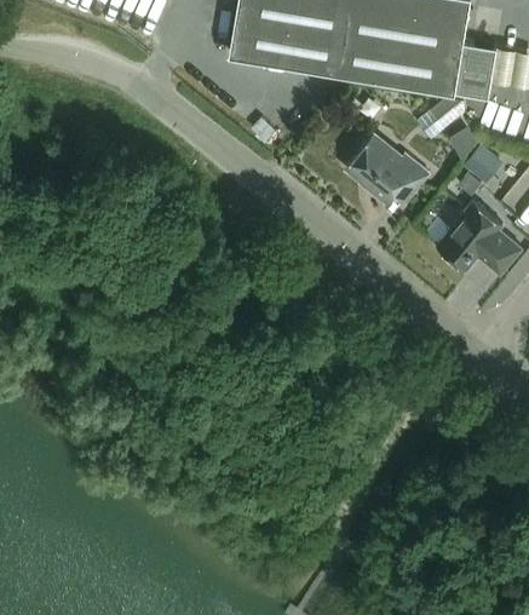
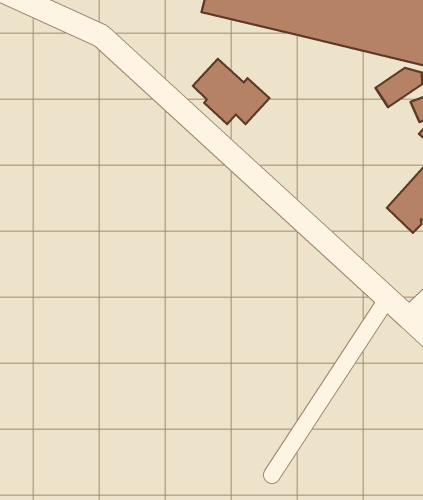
building: [347,137,429,205] -> [193,59,269,124]

